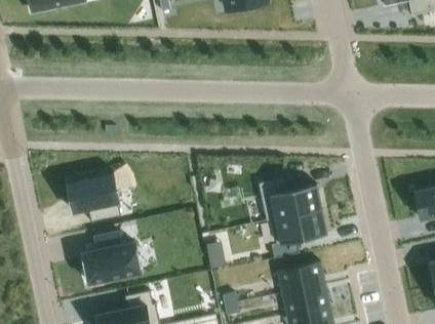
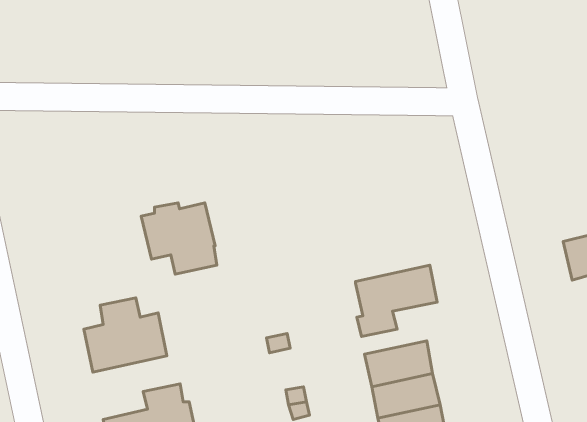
building: [68,172,120,221] -> [141,203,217,274]
building: [259,177,322,221] -> none

